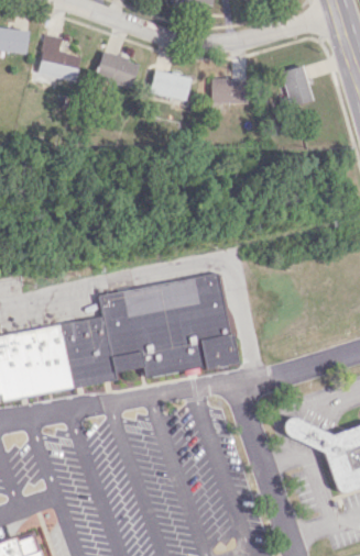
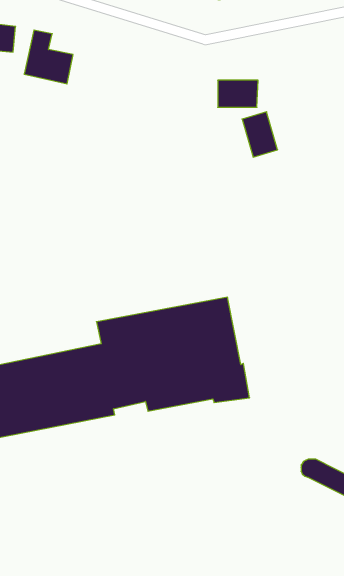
building: [95,52,139,88] -> none
building: [281,66,313,107] -> [242,112,278,157]
building: [149,69,190,101] -> none

